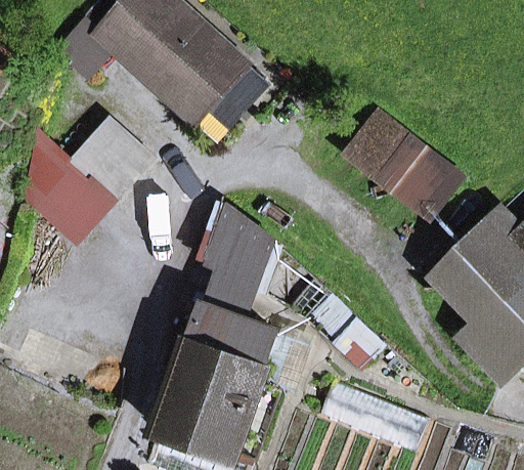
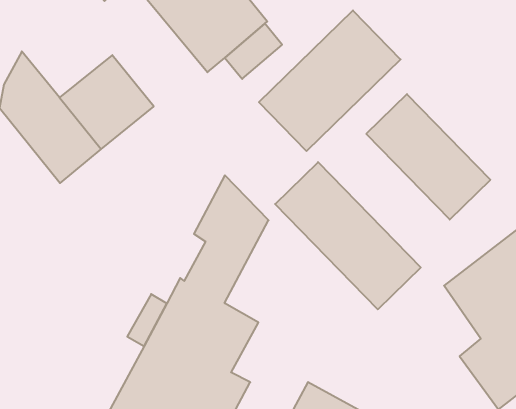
building: none -> [259,10,401,151]
building: none -> [275,162,421,309]

